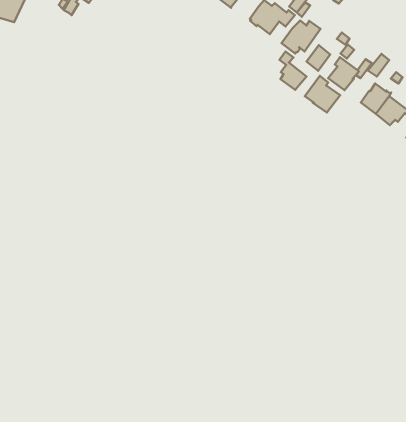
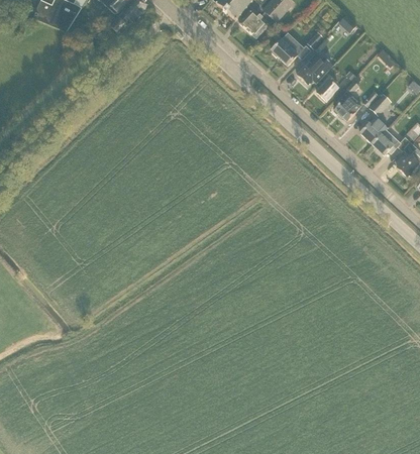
building: [279,52,306,90] -> none
building: [305,76,340,113] -> none

